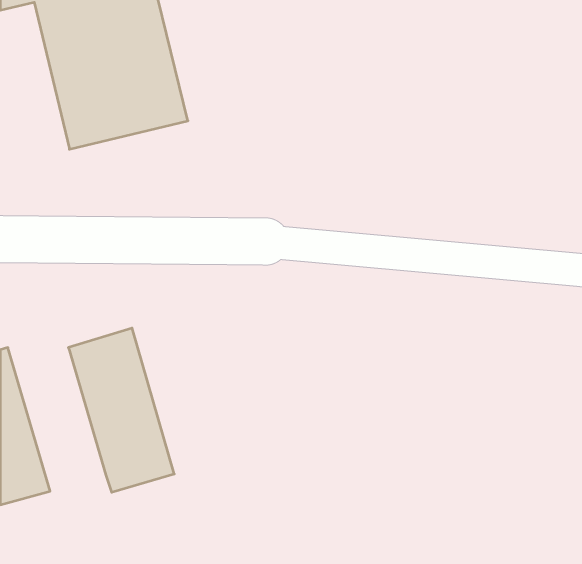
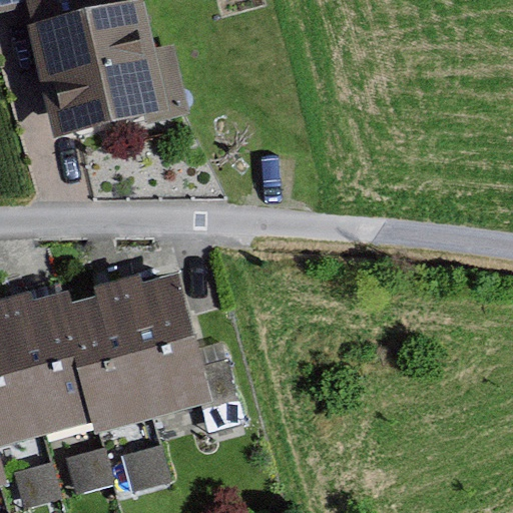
building: none -> [116,272,212,417]
building: none -> [7,292,93,432]

